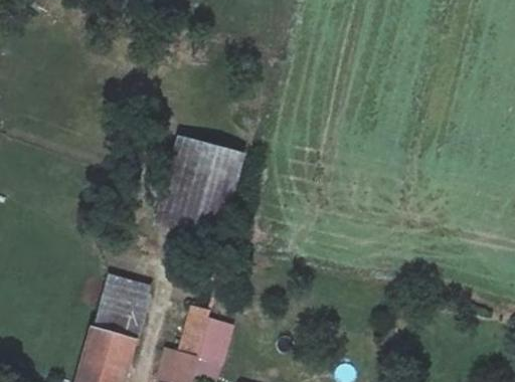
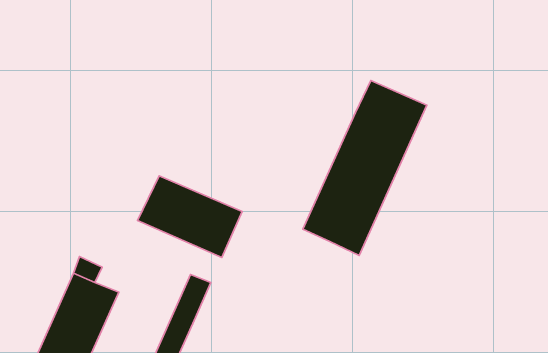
building: none -> [303,80,427,256]
building: [167,135,251,205] -> none

